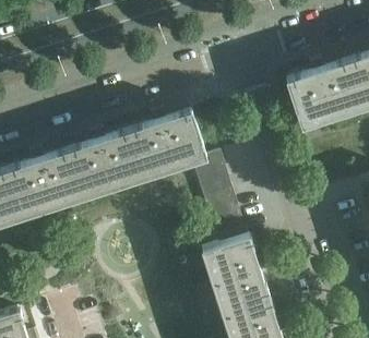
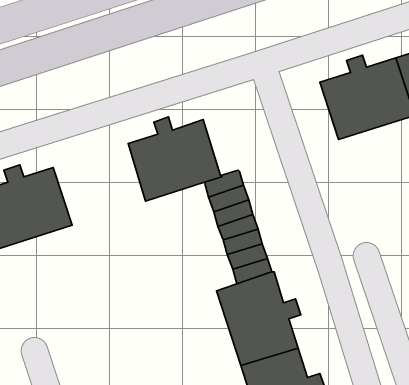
building: [69,131,144,200] -> none

